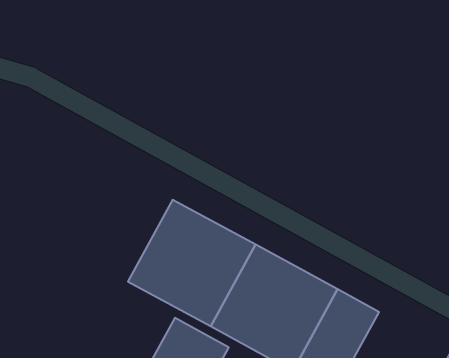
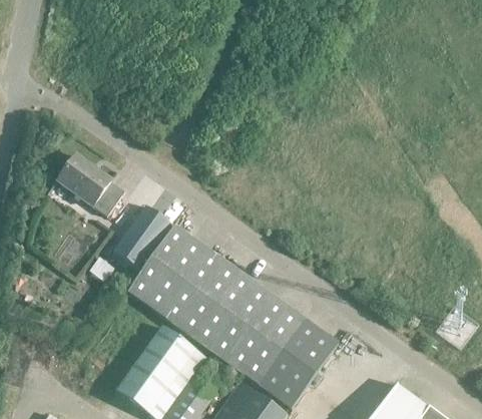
building: none -> [57,153,125,216]
building: none -> [113,205,173,270]

